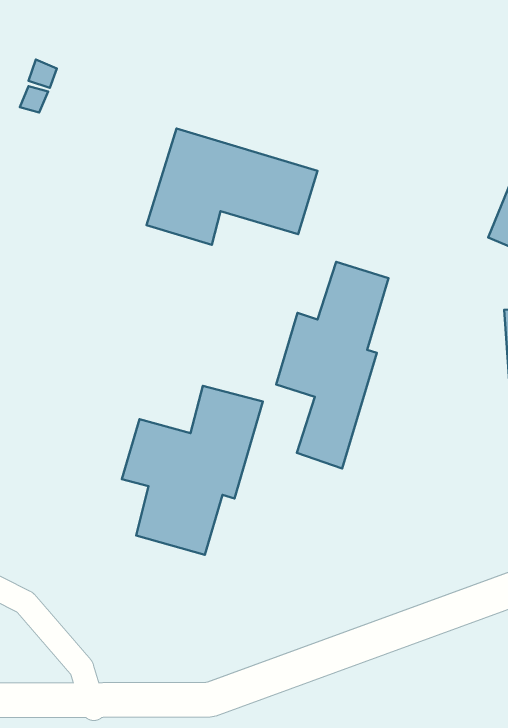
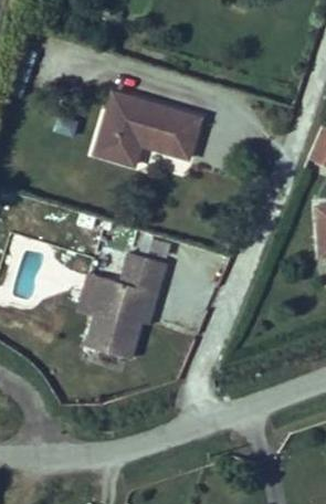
building: [276,262,389,468] -> none

